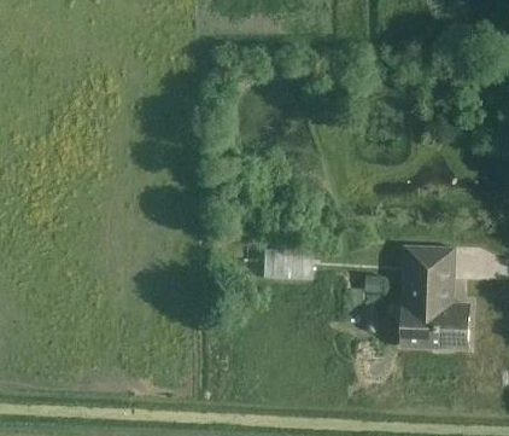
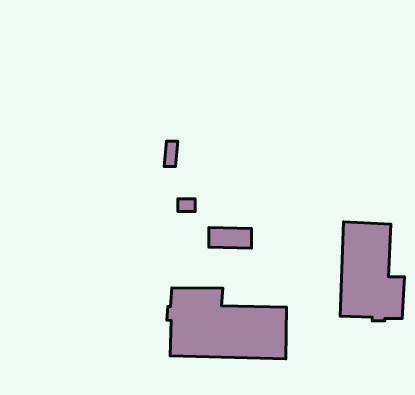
building: none -> [167,288,287,359]

